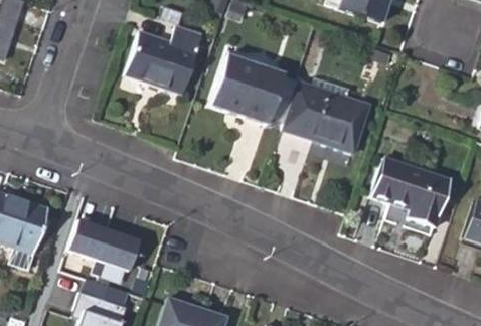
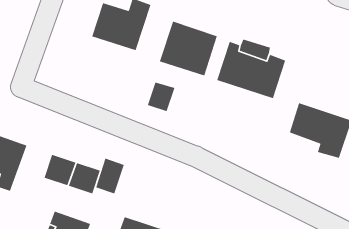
building: none -> [147,81,176,112]
building: none -> [95,158,125,194]

